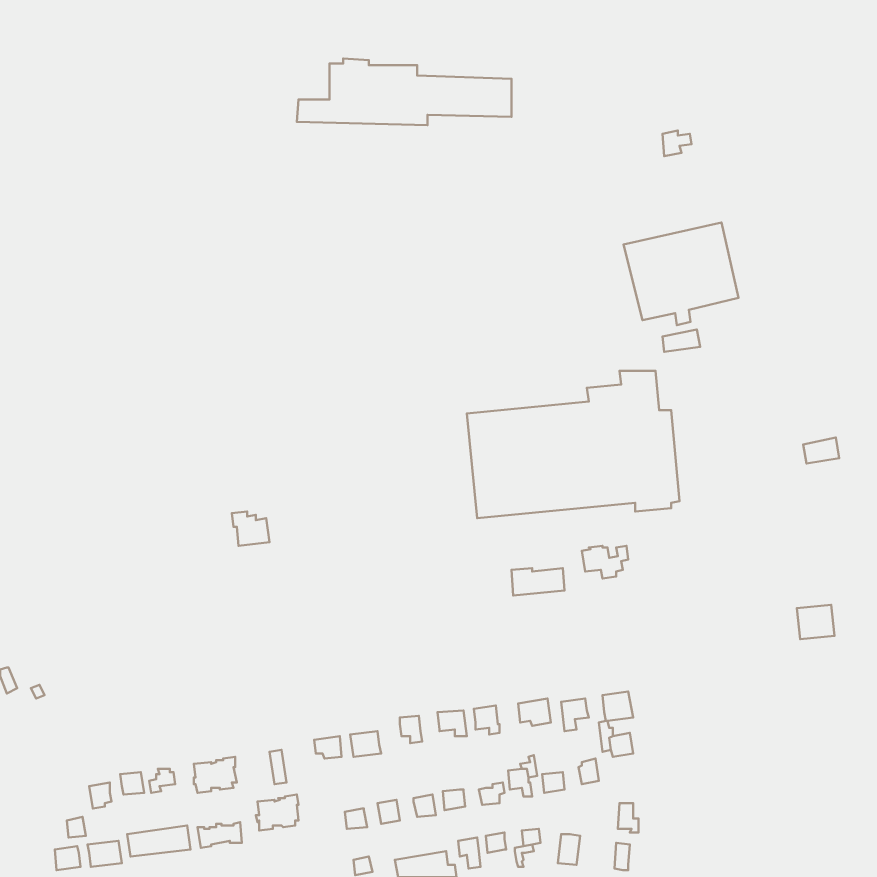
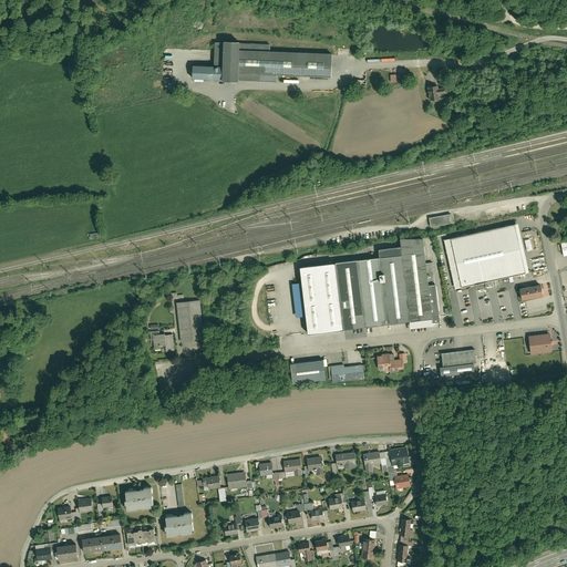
building: [624,222,739,325] -> [451,223,525,289]
building: none -> [171,299,204,343]
building: none -> [440,348,476,368]
building: none -> [291,362,326,385]
building: [797,605,835,639] -> [527,332,551,354]

